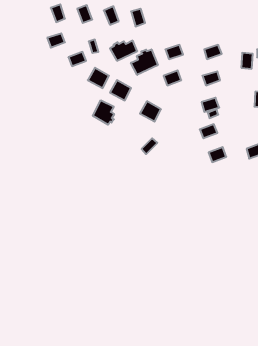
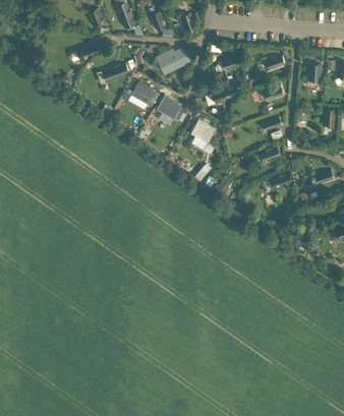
building: [131,49,158,75] -> none
building: [93,100,114,125] -> none

